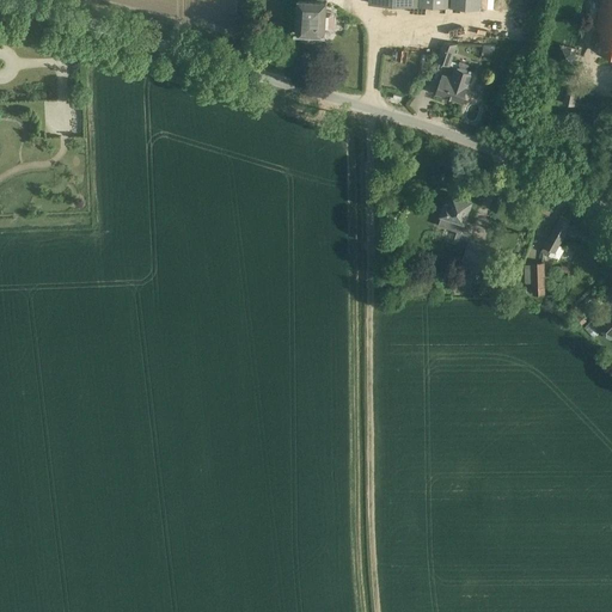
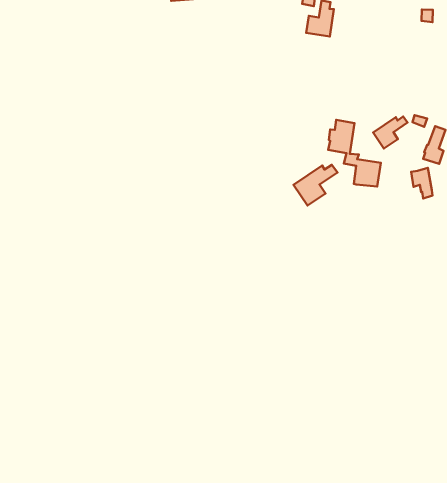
building: none -> [373,117,408,149]
building: none -> [294,165,337,206]

